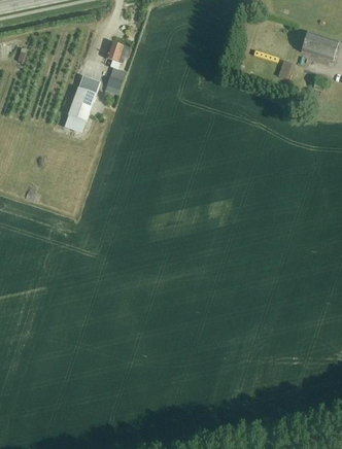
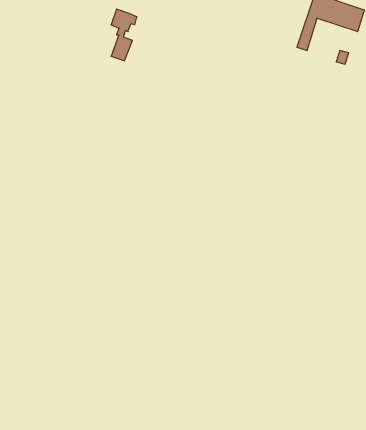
building: [68,77,100,123] -> none

